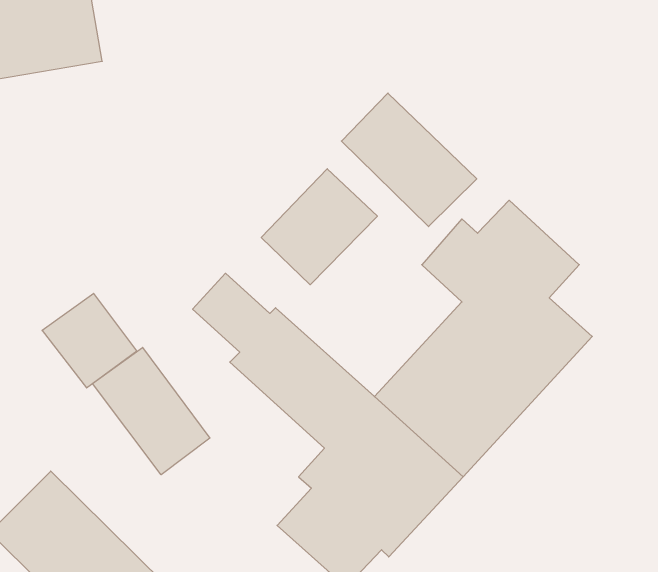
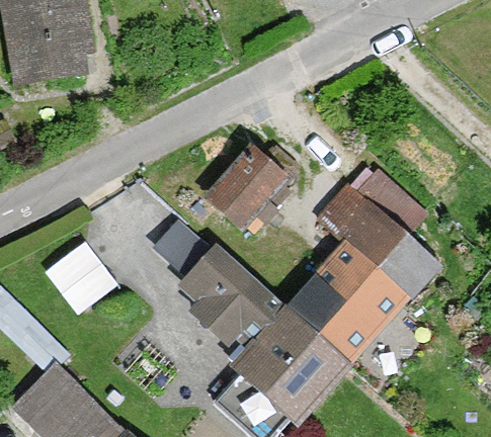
building: [341,93,477,227] -> none
building: [92,347,210,475] -> none

